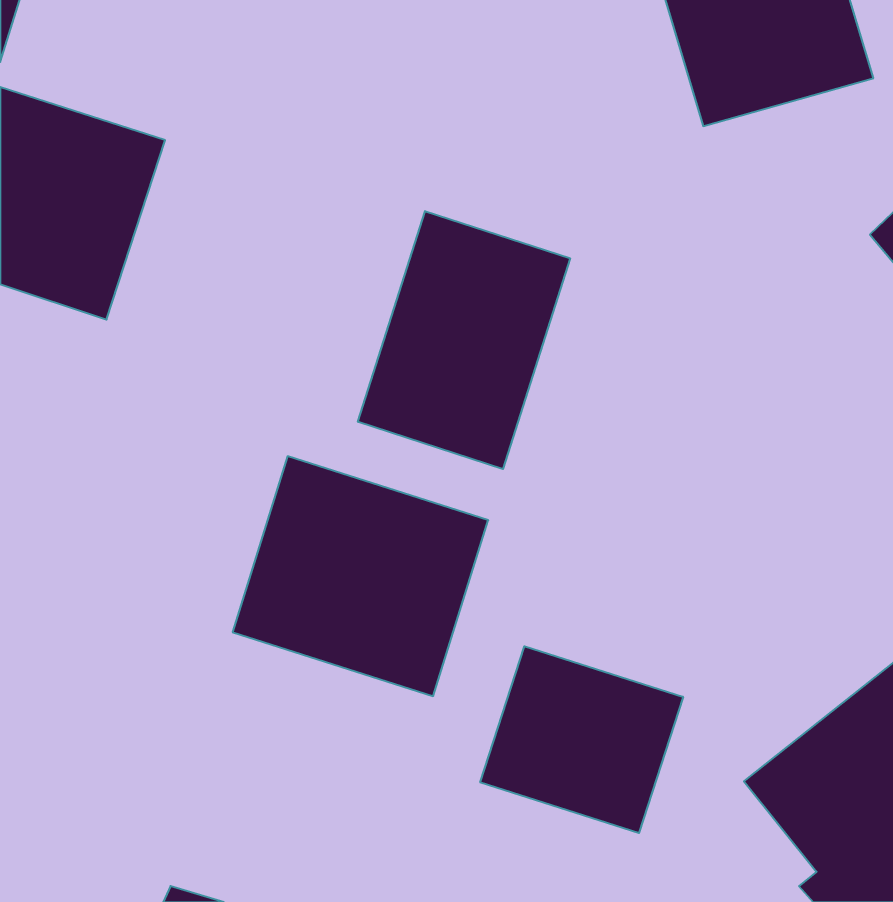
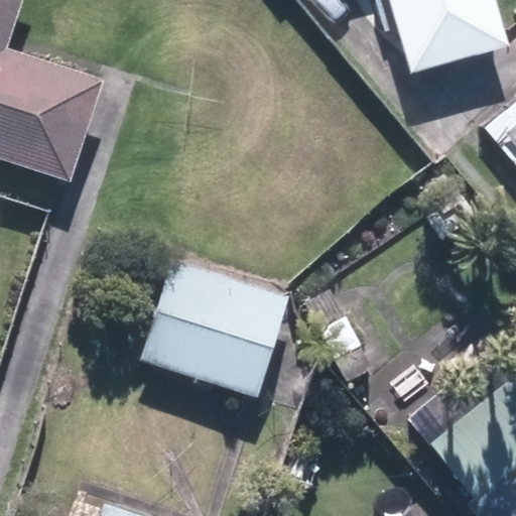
building: [358,211,570,469] -> none
building: [480,646,683,833] -> none

